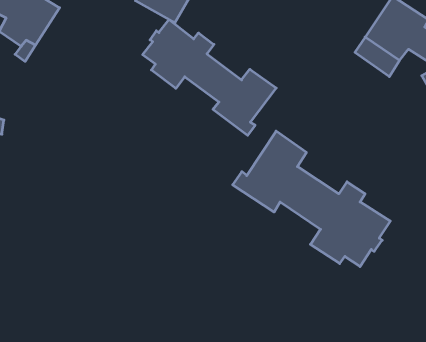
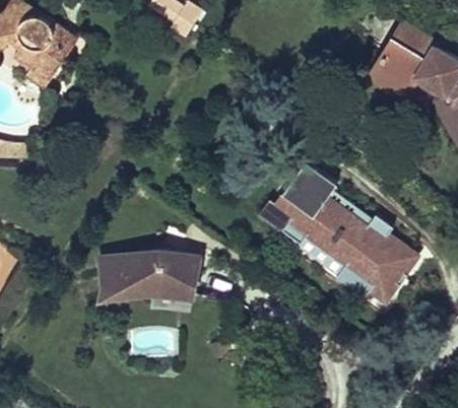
building: [143,20,276,135] -> none
building: none -> [88,260,189,313]

